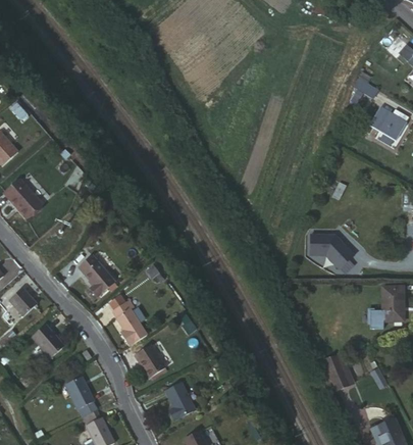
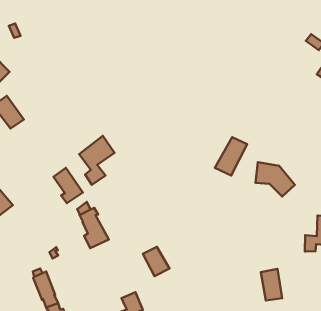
building: none -> [215,137,247,175]
building: none -> [79,136,115,185]
building: [30,324,62,357] -> none
building: [142,338,173,372] -> [143,247,169,276]

